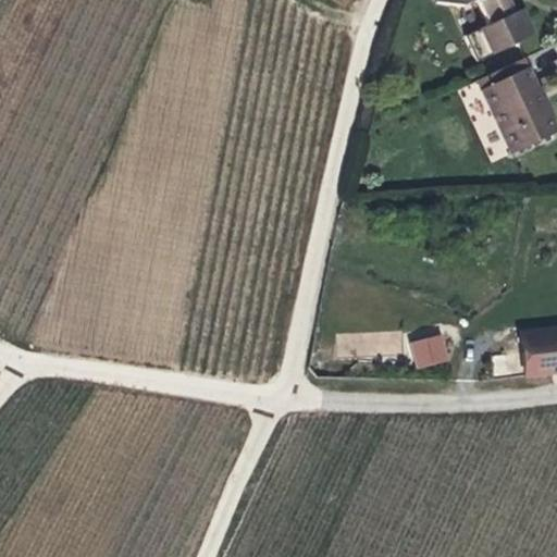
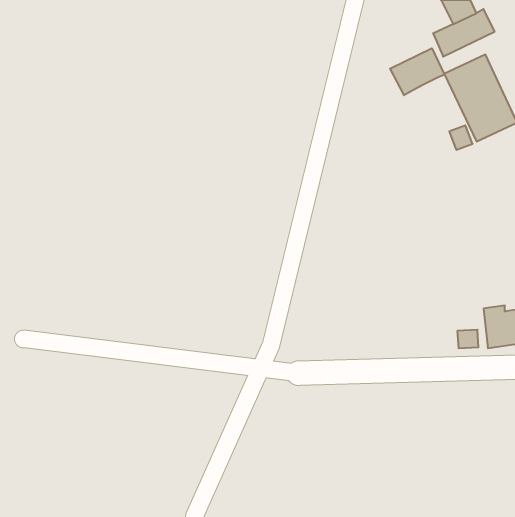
building: none -> [390,48,445,95]
building: [411,333,451,369] -> none

